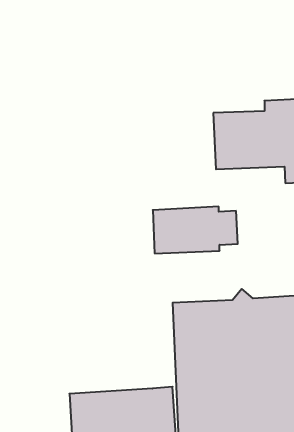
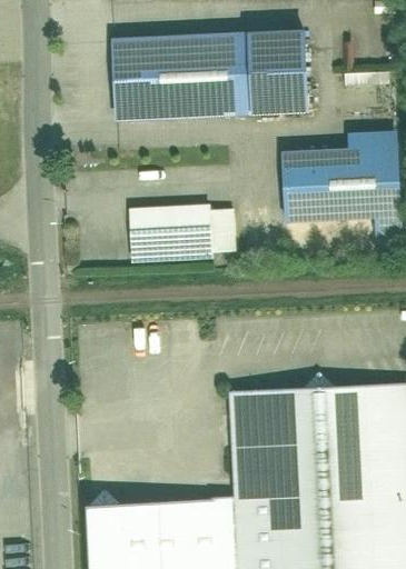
building: none -> [110,30,309,120]
building: [153,207,238,253] -> [128,203,237,263]

